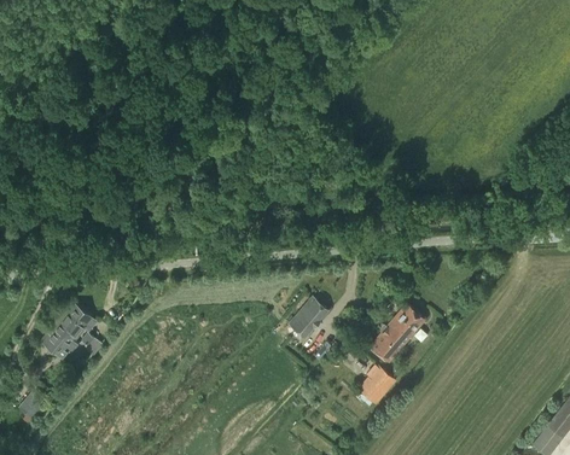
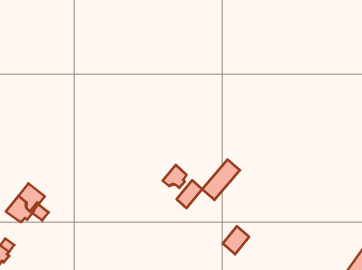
building: none -> [163,165,186,188]
building: [370,305,425,364] -> [202,160,240,200]

